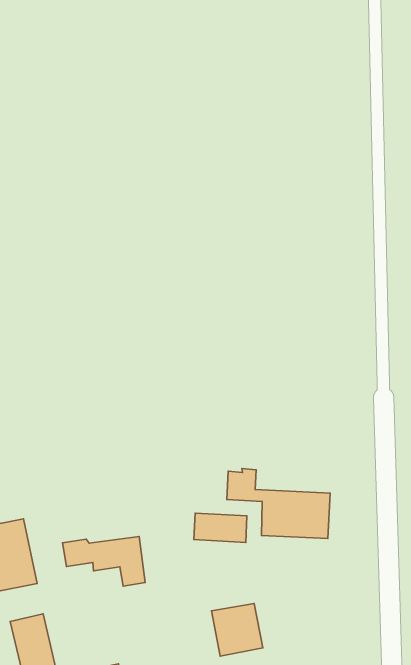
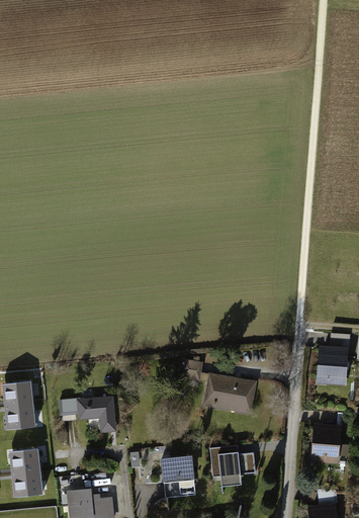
building: [194,513,247,542] -> none
building: none -> [210,445,254,476]

